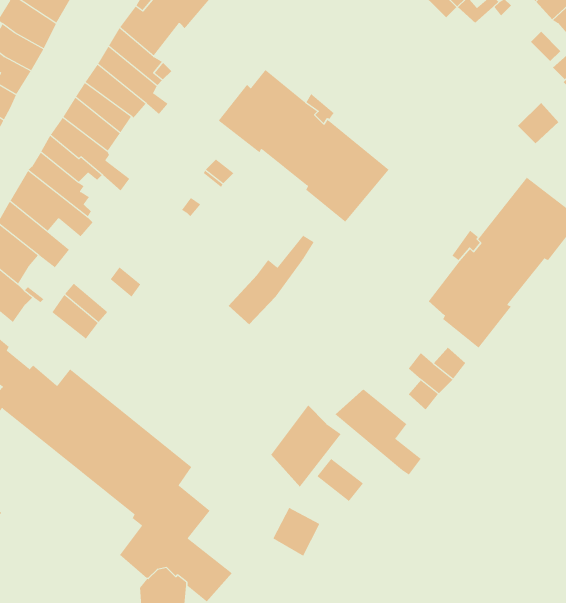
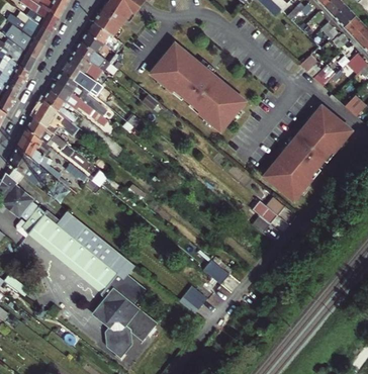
building: [228,235,315,325] -> none
building: [334,388,422,475] -> none
building: [270,405,341,487] -> none

